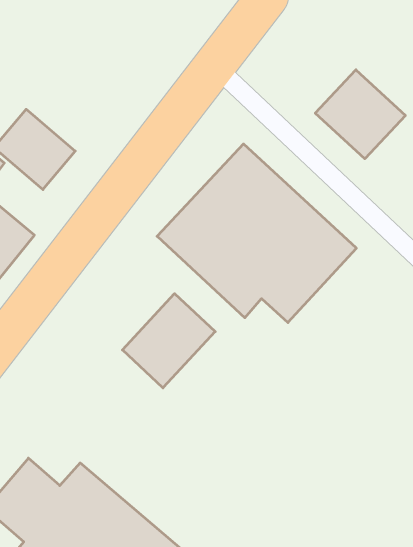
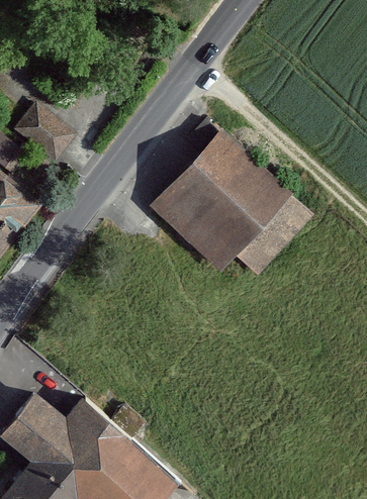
building: [315,70,405,159] -> none
building: [122,294,215,388] -> none

